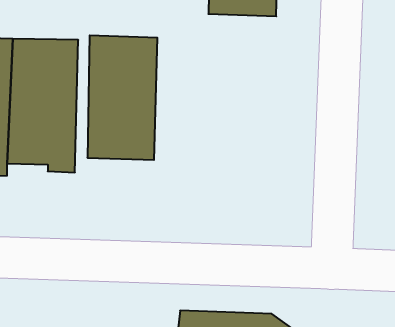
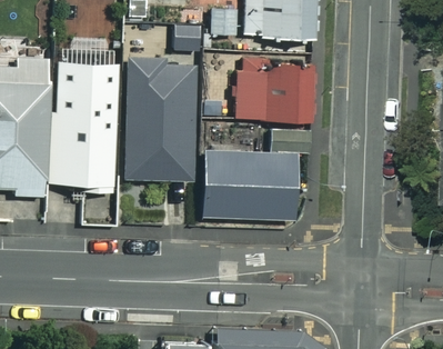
building: none -> [236,60,314,121]
building: none -> [201,150,294,220]

